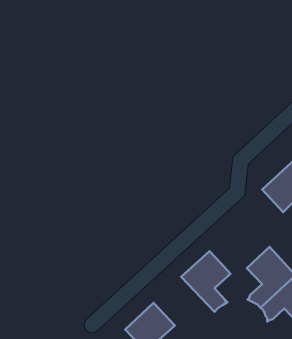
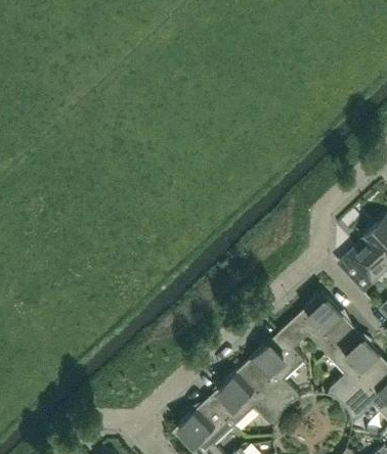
building: none -> [278,292,354,354]
building: none -> [208,365,285,426]

